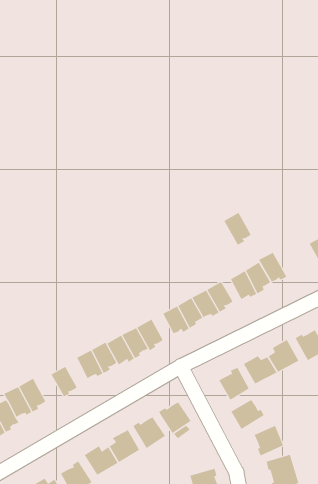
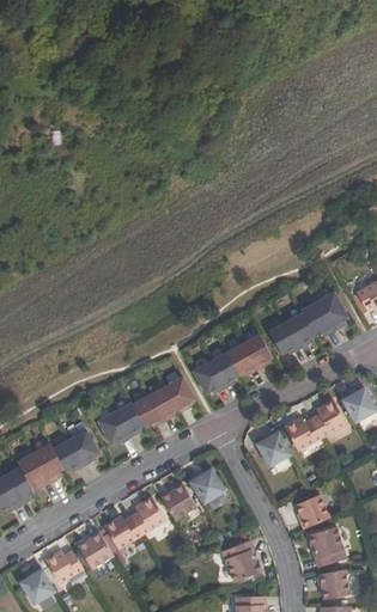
building: [224,212,252,246] -> [316,292,347,329]
building: none -> [51,437,83,470]
building: [231,399,265,430] -> none

